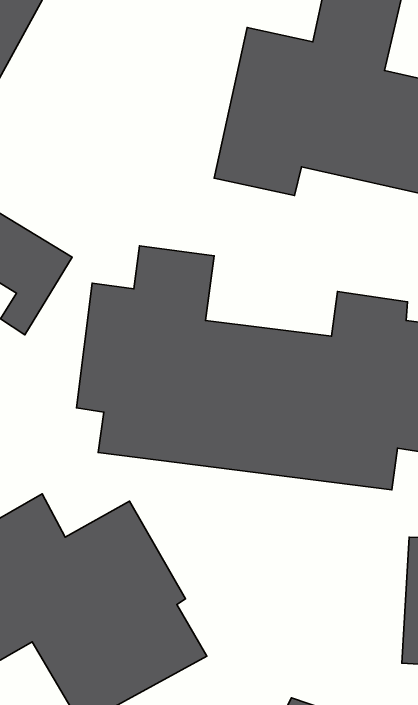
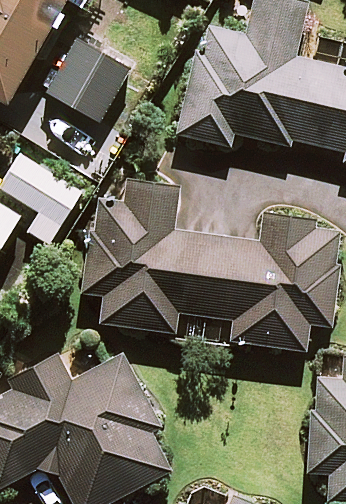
building: none -> [49,38,130,120]

